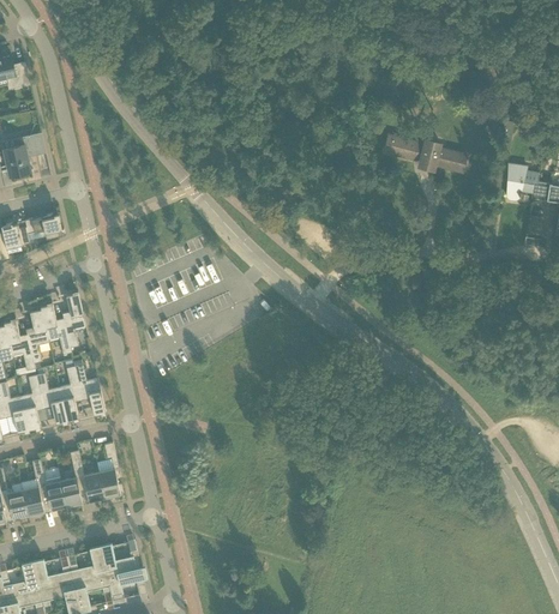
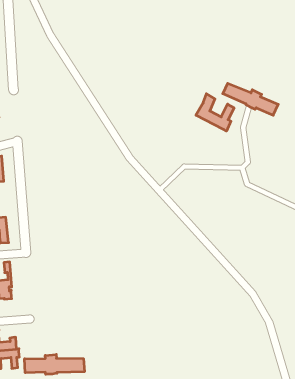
building: none -> [196,94,234,131]
building: none -> [25,354,84,374]

